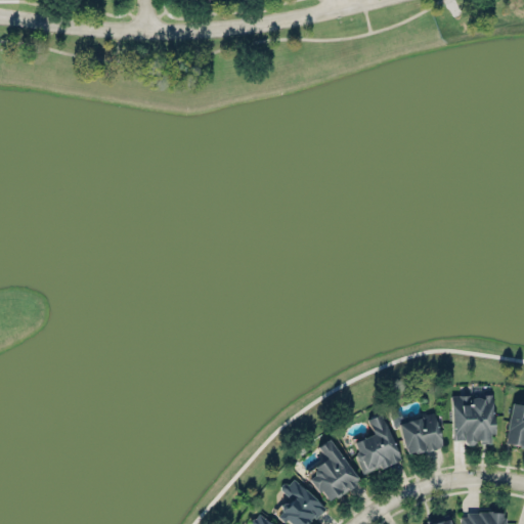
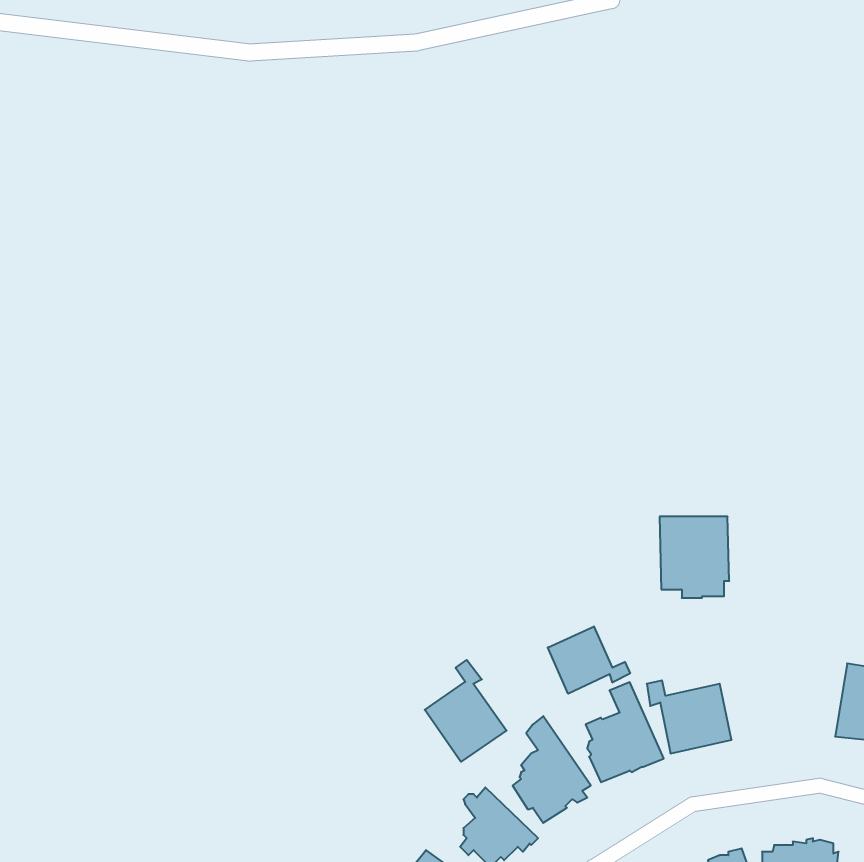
building: none -> [548,626,630,694]
building: [452,398,494,447] -> [660,517,729,598]
building: none -> [425,660,507,762]

